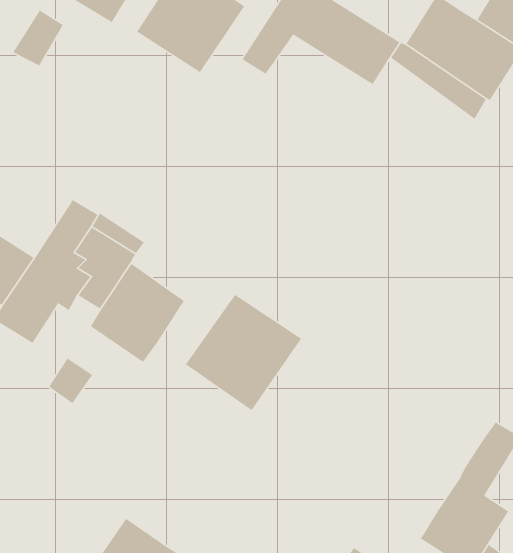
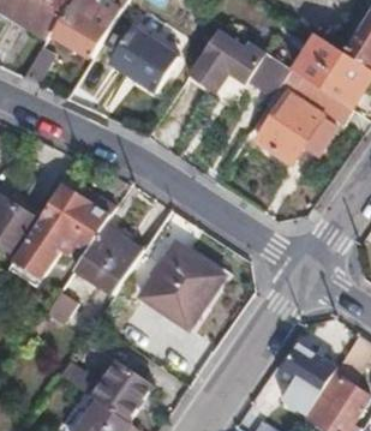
building: none -> [256,95,328,163]
building: none -> [280,343,335,415]
building: none -> [59,360,151,421]

